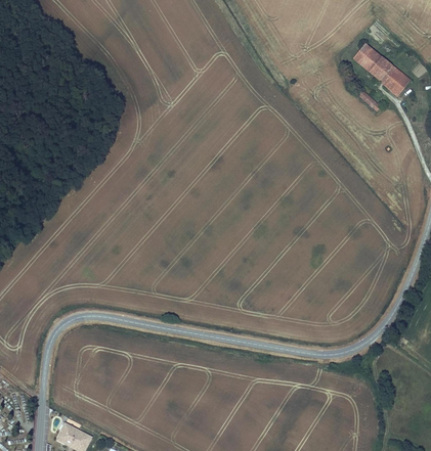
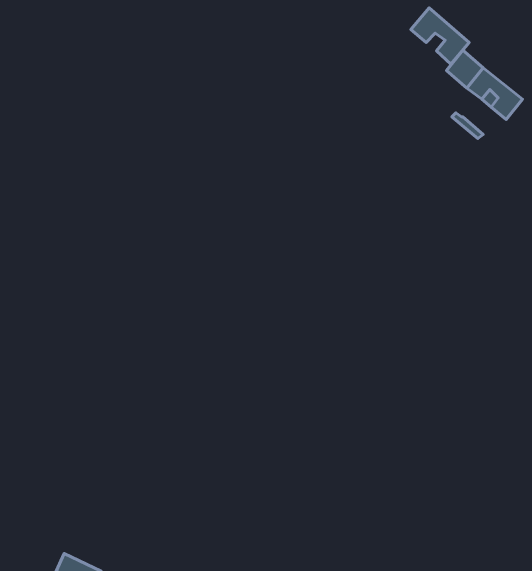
building: none -> [411,8,469,64]

